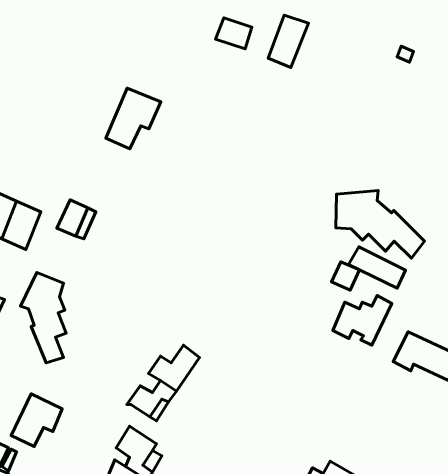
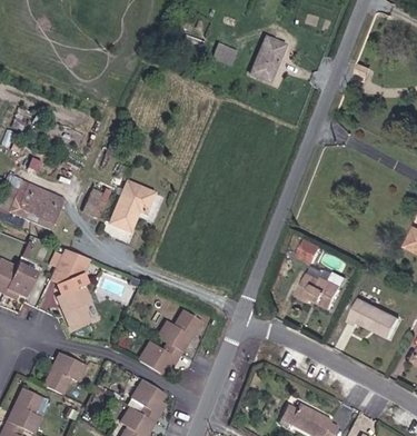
building: [106,88,161,149] -> [108,182,153,232]
building: [336,191,425,258] -> none
building: [349,247,405,288] -> none

